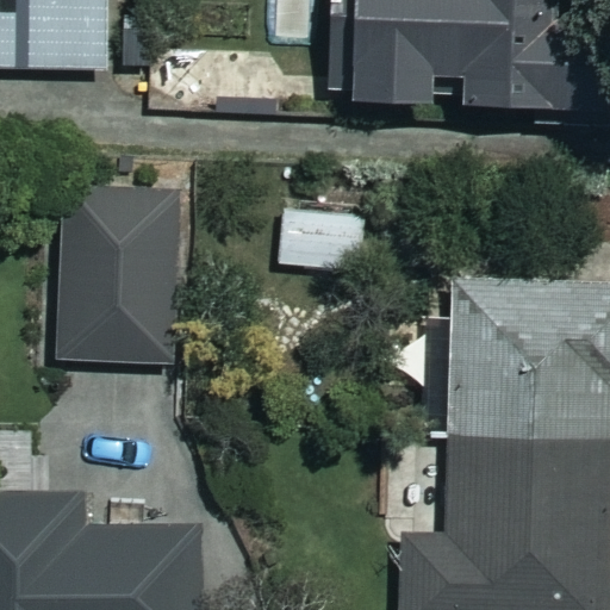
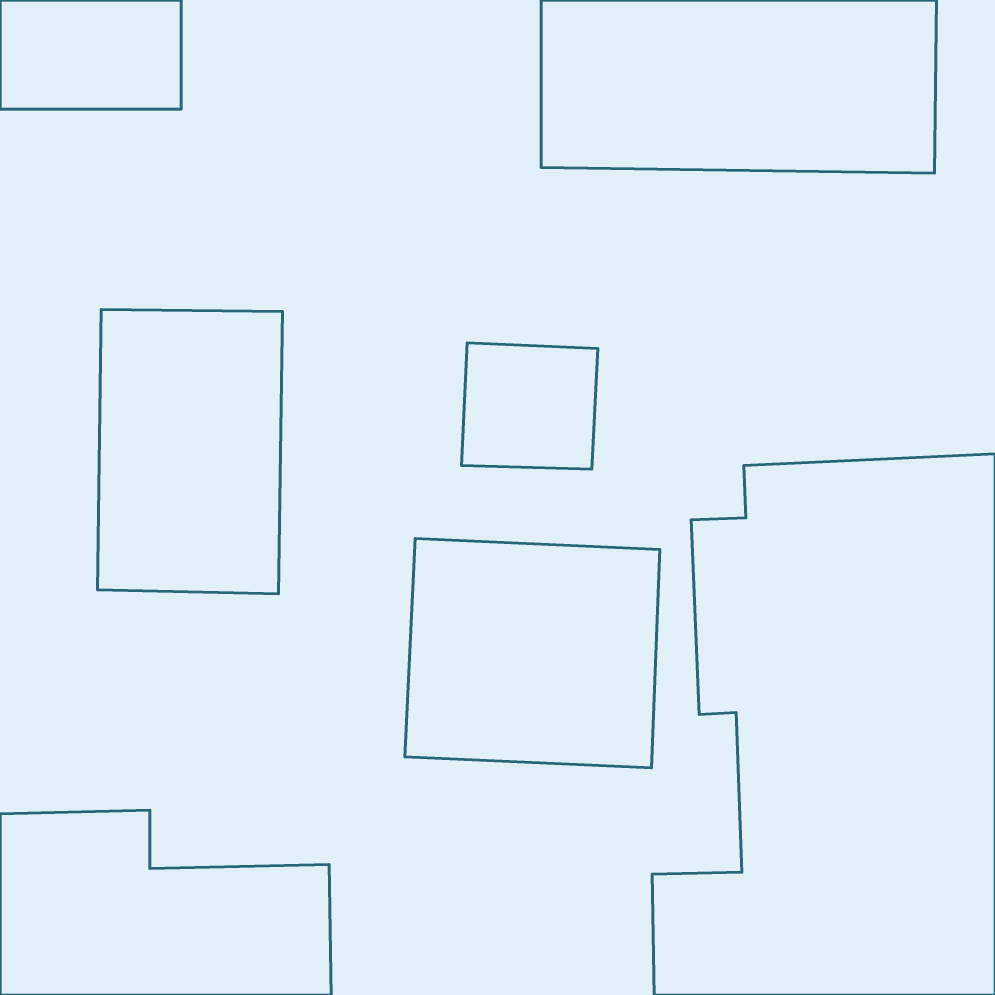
building: none -> [405,538,660,768]

